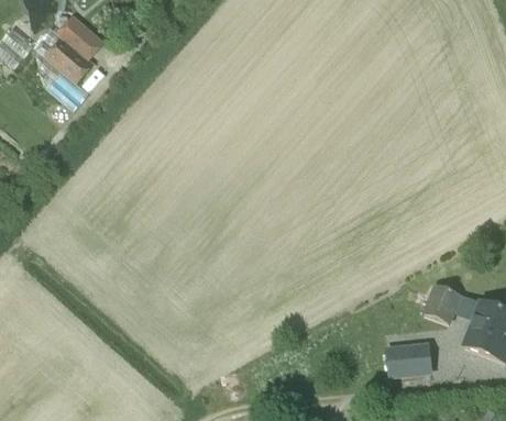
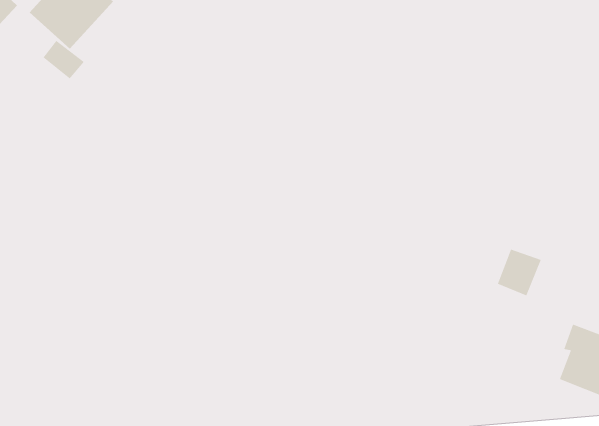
building: [425,285,461,323] -> [497,248,542,296]
building: [388,346,430,376] -> none

